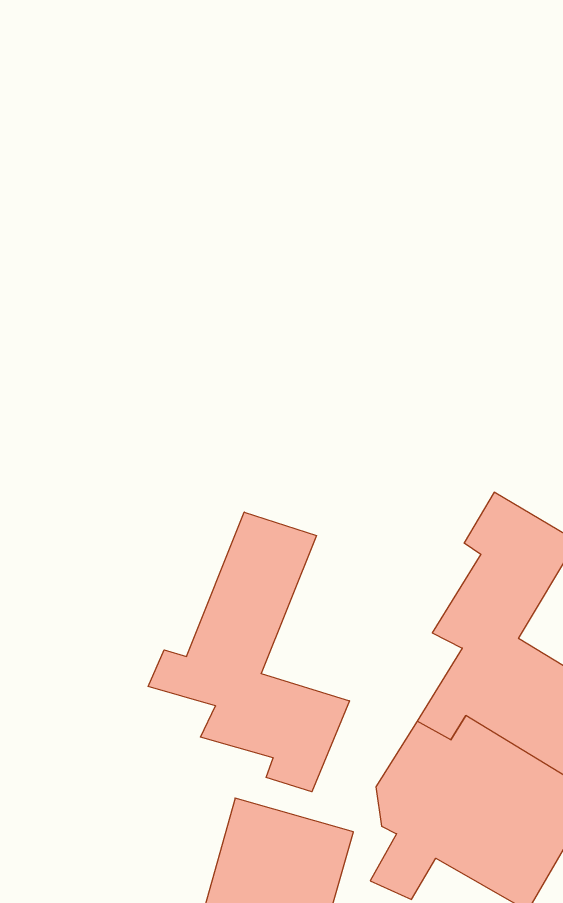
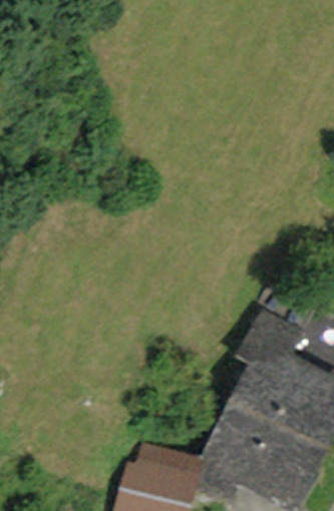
building: [148,512,349,792] -> none

